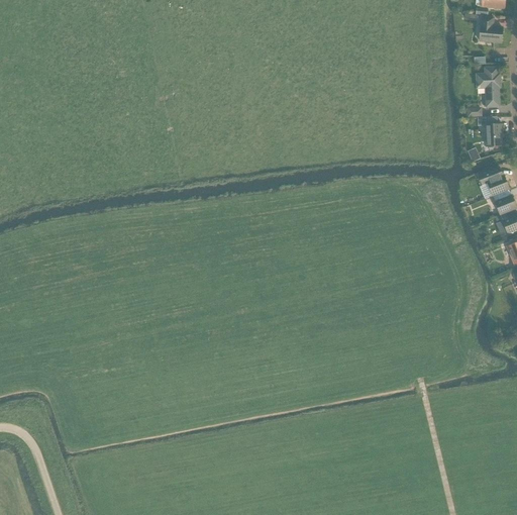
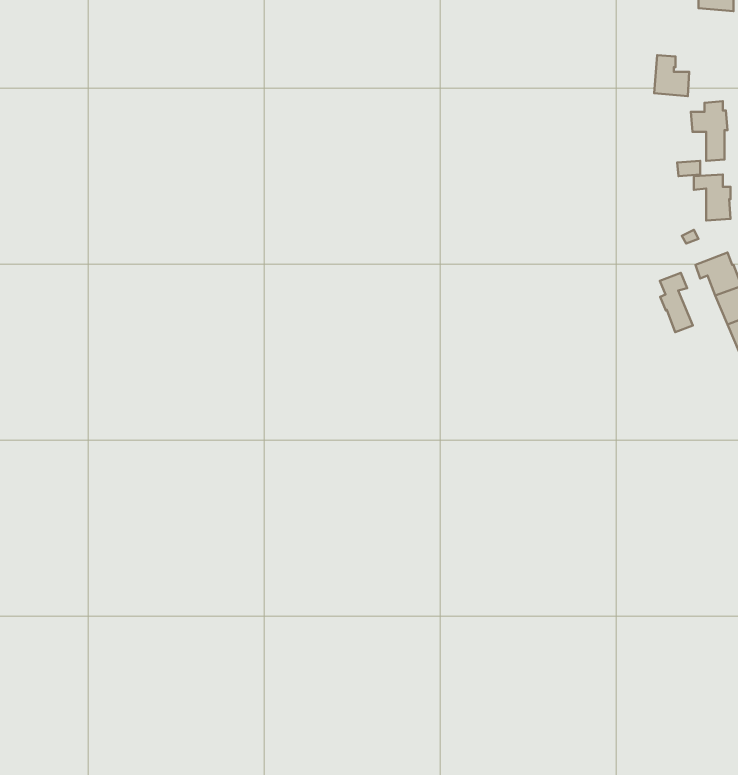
building: [479,16,502,43] -> [654,55,689,96]
building: none -> [660,273,693,332]

